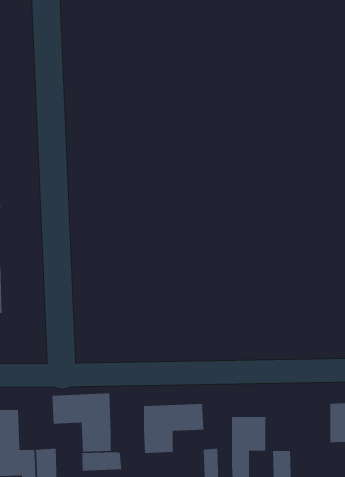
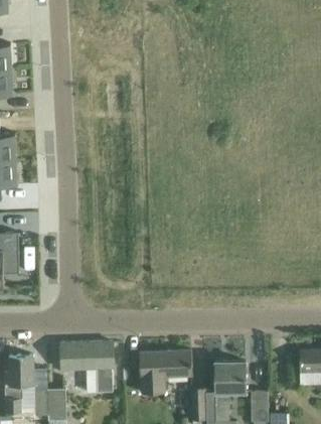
building: [82,451,122,472] -> none

